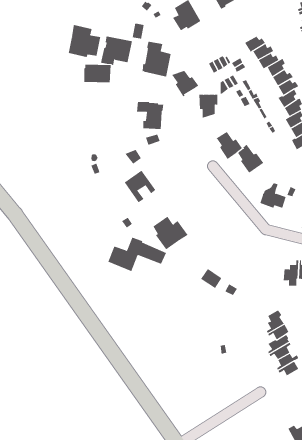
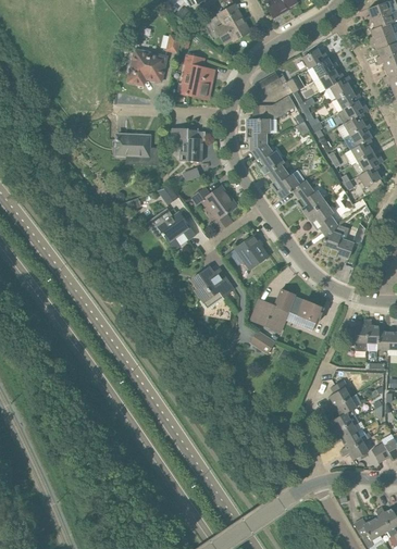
building: [68,24,101,58] -> none
building: [84,64,111,83] -> [116,135,150,158]
building: [171,70,199,97] -> [251,144,285,176]
building: none -> [193,186,237,219]
building: none -> [308,202,338,236]
building: none -> [235,234,270,270]
building: [108,237,167,272] -> [252,289,324,332]

